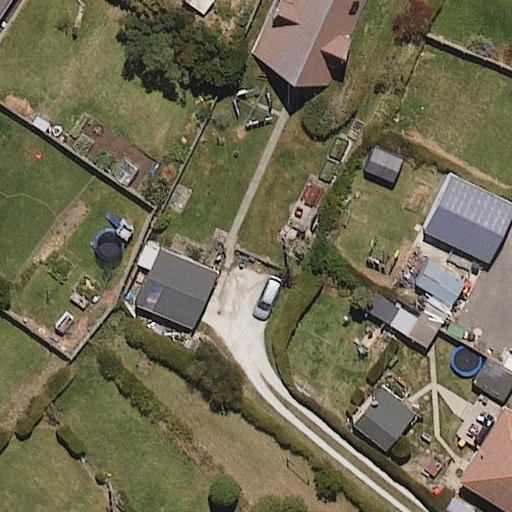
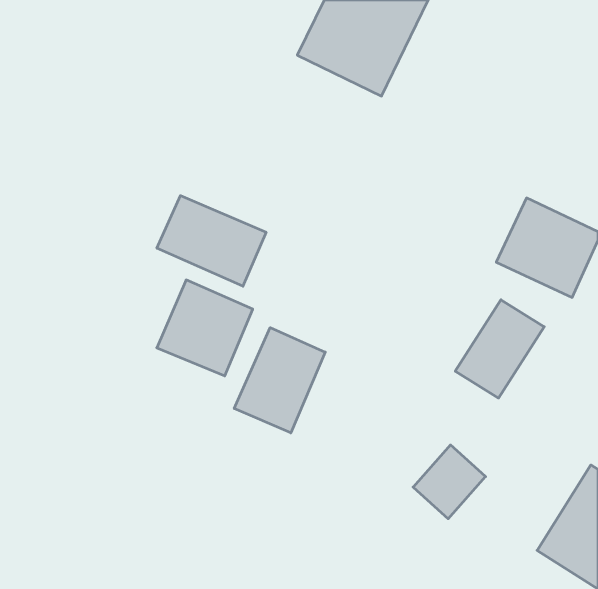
building: none -> [157,196,266,286]
building: none -> [234,328,325,433]

